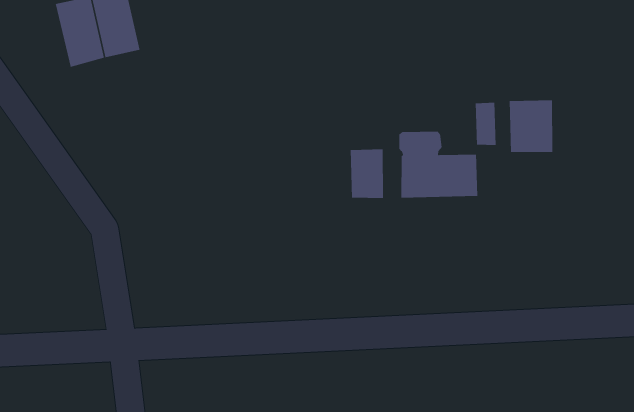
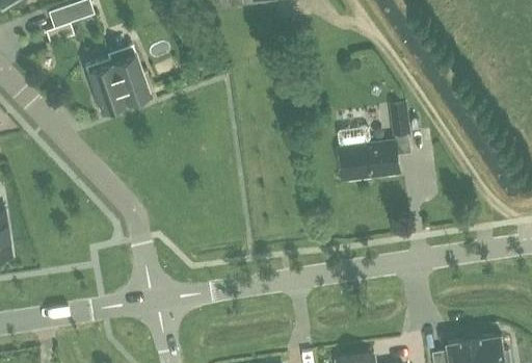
building: [509,99,553,153] -> none
building: [350,148,384,199] -> none

